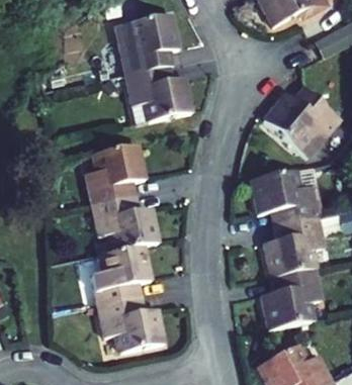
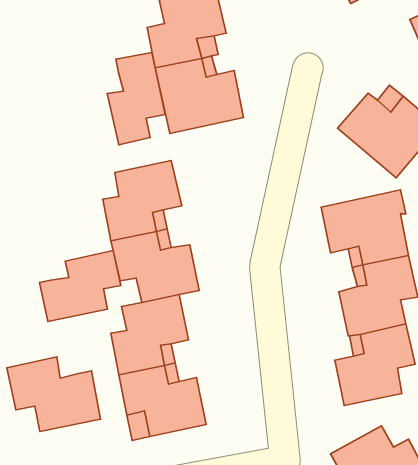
building: none -> [107,53,165,145]
building: none -> [40,250,121,321]
building: none -> [7,357,100,432]

